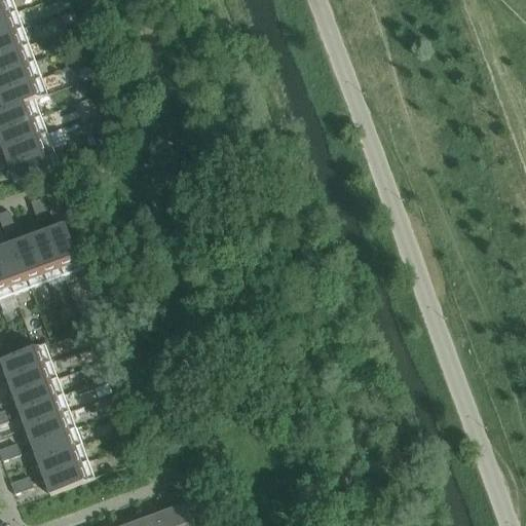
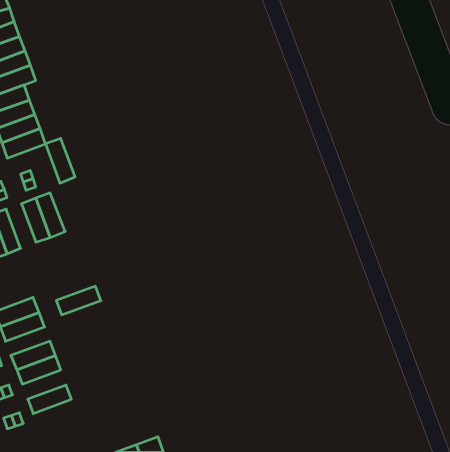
building: [7,234,41,286] -> [46,138,75,183]
building: [6,376,58,409] -> [56,286,101,315]
building: [26,425,76,459] -> none
building: [38,459,88,492] -> none

